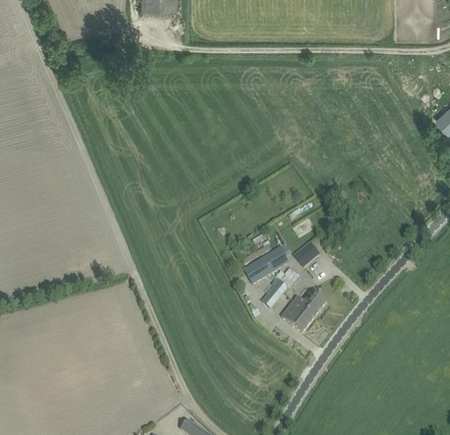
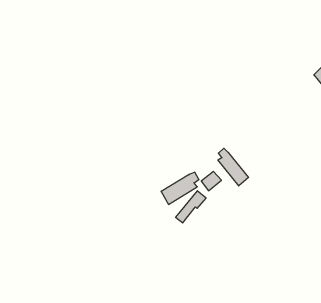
building: none -> [218,148,249,186]
building: [282,290,326,332] -> none

